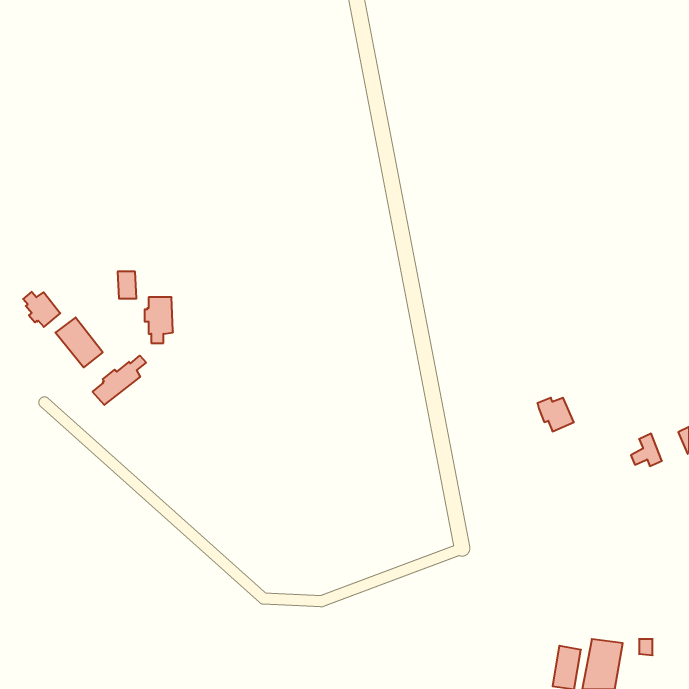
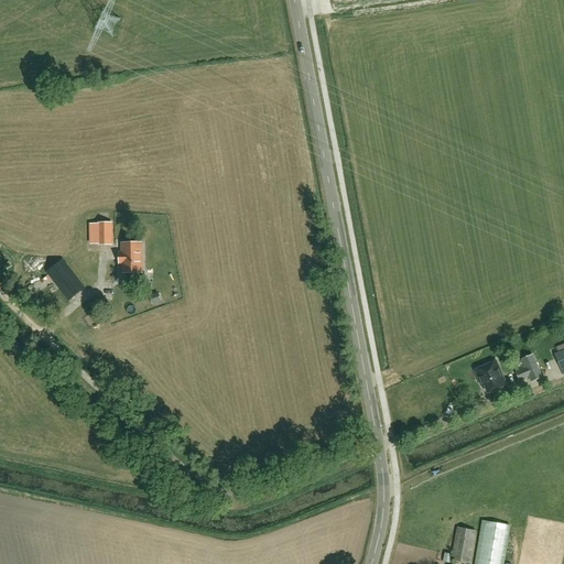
building: [23,292,60,327] -> none
building: [93,356,146,405] -> none
building: [537,398,574,431] -> [475,365,505,392]

